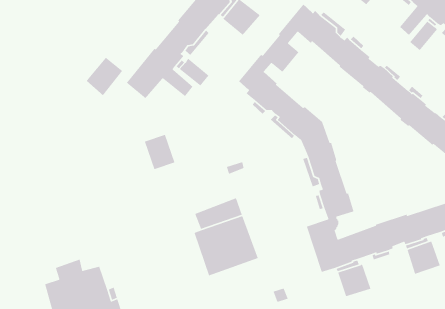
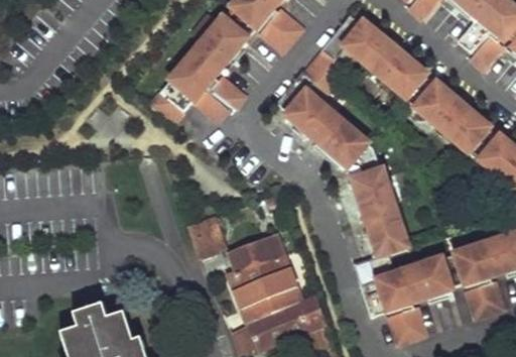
building: [86,57,123,96] -> none
building: [144,134,175,170] -> [190,213,226,253]
building: none -> [245,294,327,350]

